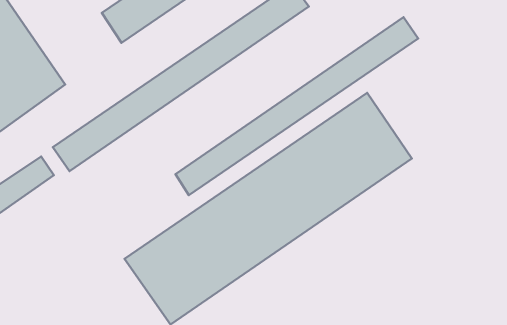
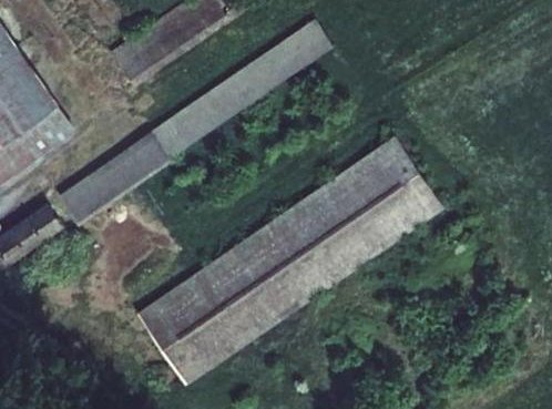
building: [175,17,418,195] -> none

